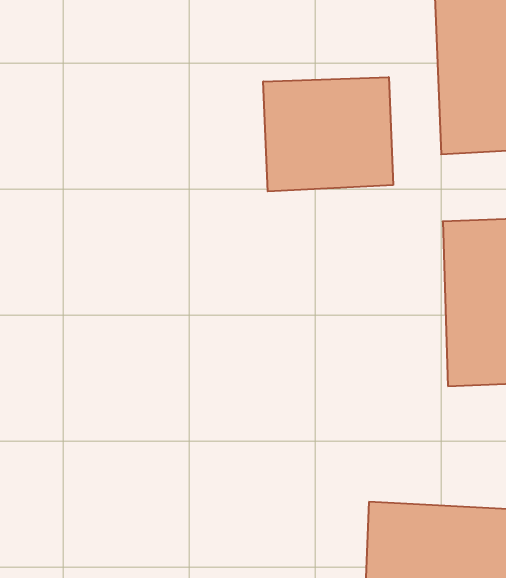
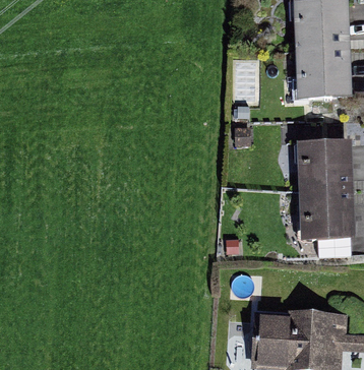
building: [263,77,393,191] -> none

